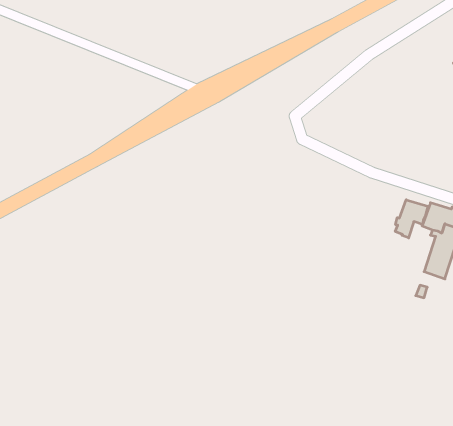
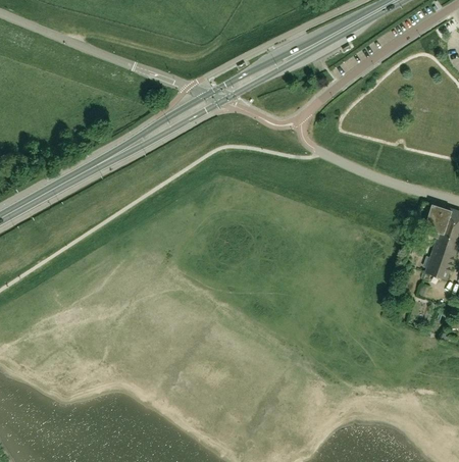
building: [395,200,428,238] -> none

